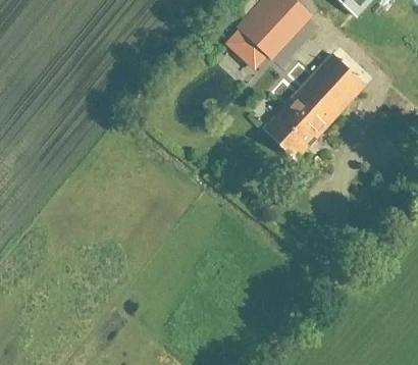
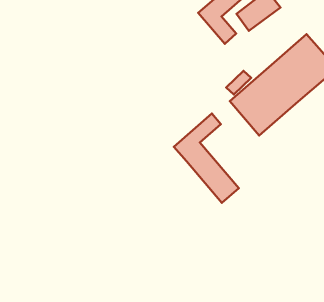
building: none -> [174,113,239,203]

